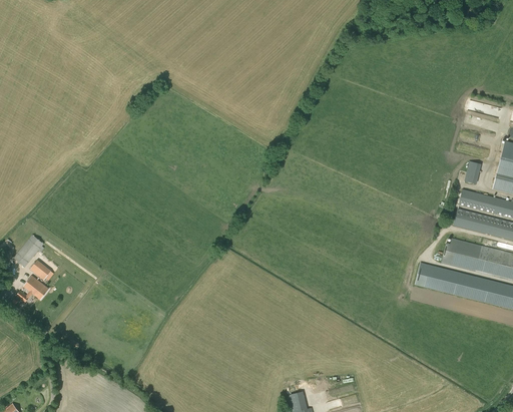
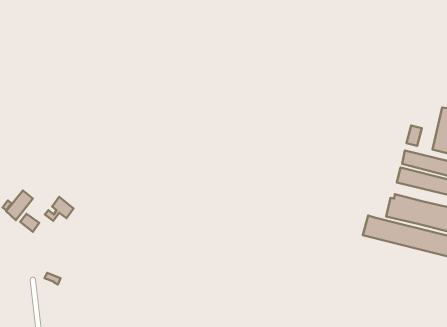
building: [17,276,49,303] -> [45,197,74,221]

